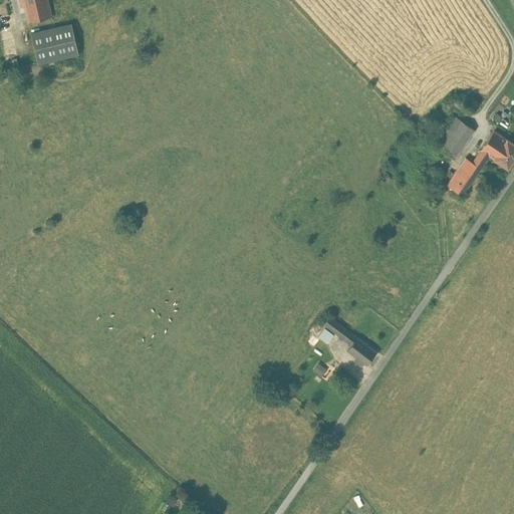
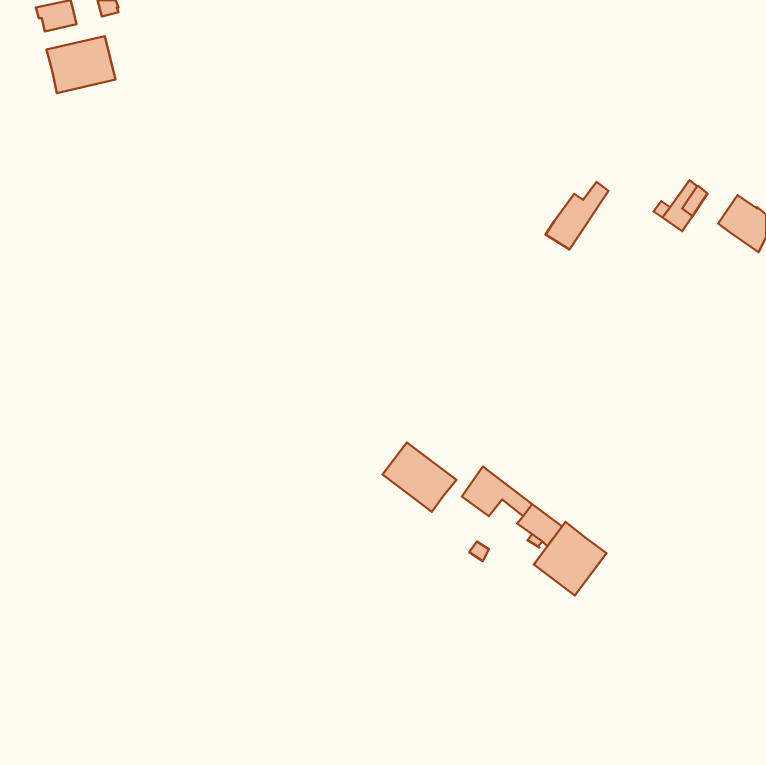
building: [447,151,489,196] -> [546,182,609,249]
building: none -> [382,443,456,512]
building: none -> [534,522,607,596]

